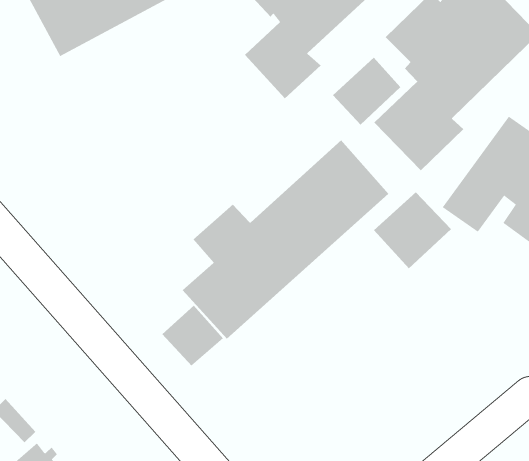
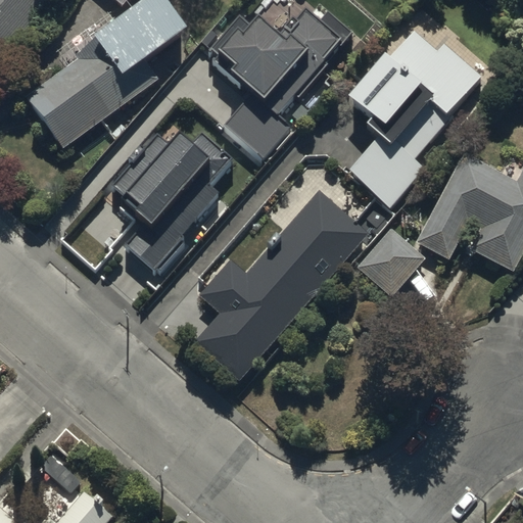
building: none -> [114,131,237,274]
building: [332,57,401,125] -> none
building: [162,305,224,367] -> none

